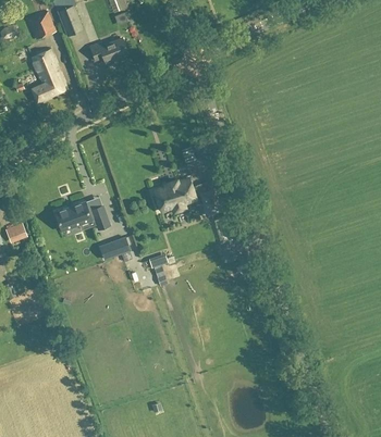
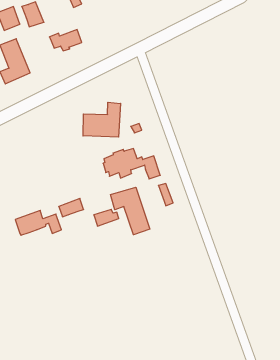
building: none -> [83,102,121,137]
building: [56,201,110,230] -> [15,210,61,235]
building: none -> [110,187,150,235]

